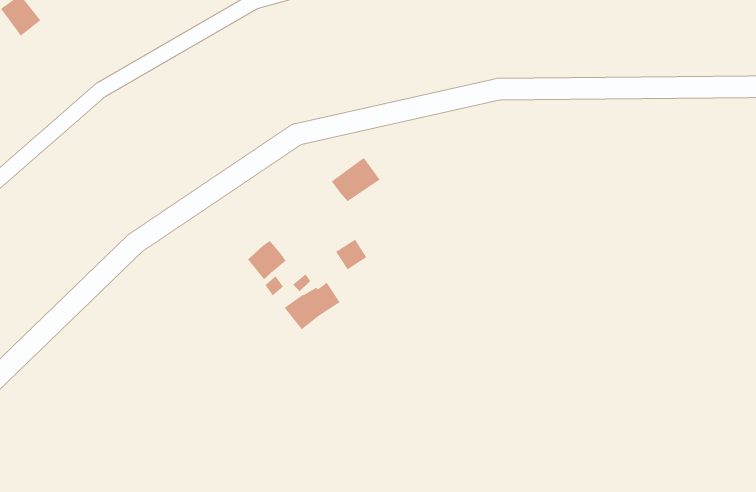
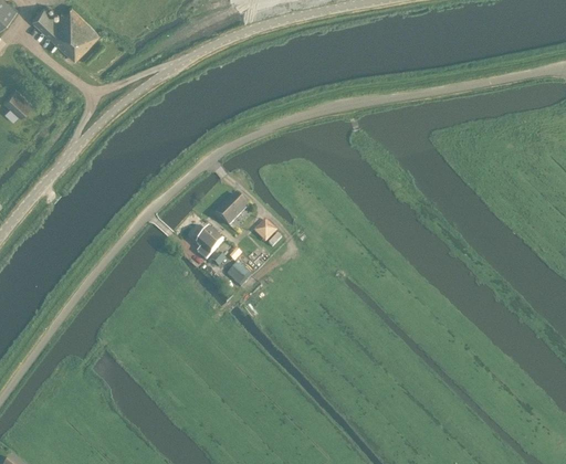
building: [331,157,380,202] -> [213,192,247,224]

